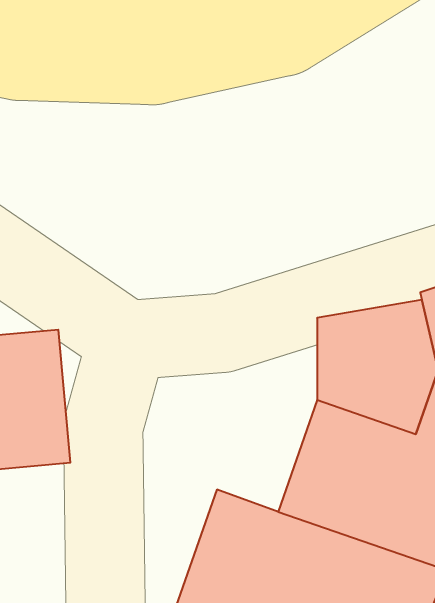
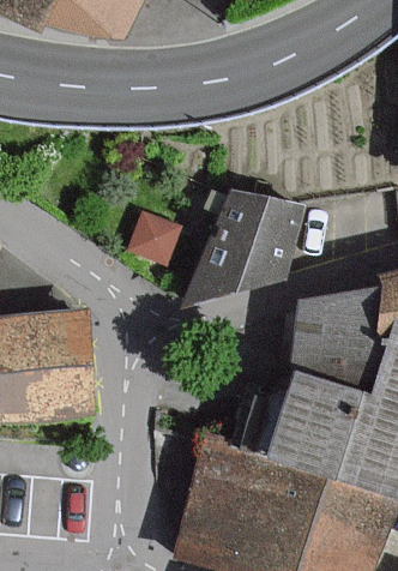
building: none -> [182,187,301,299]

